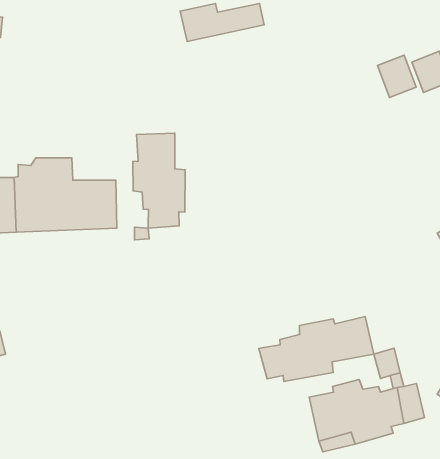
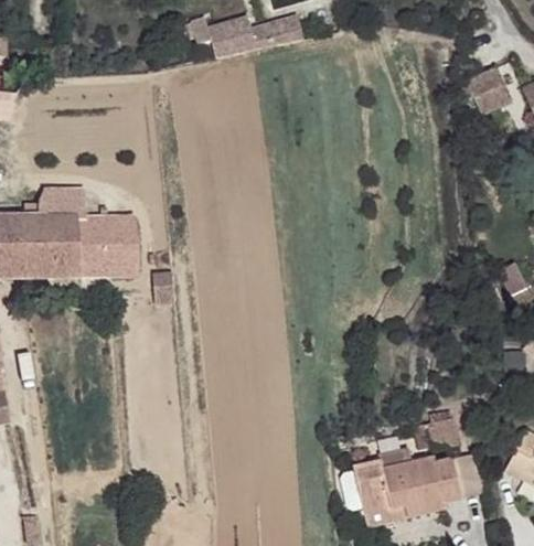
building: [377,55,416,98] -> none
building: [133,133,185,228] -> none
building: [259,316,374,382] -> none

